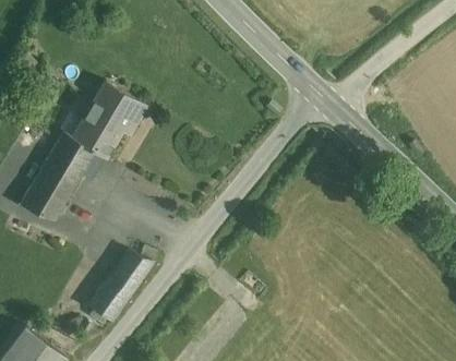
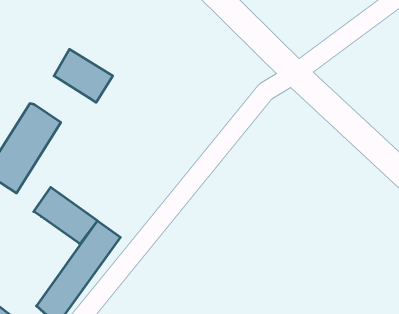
building: [68,106,122,157] -> none
building: none -> [34,187,97,244]

